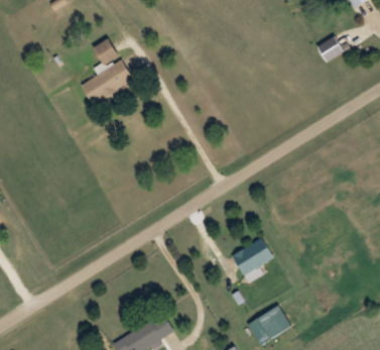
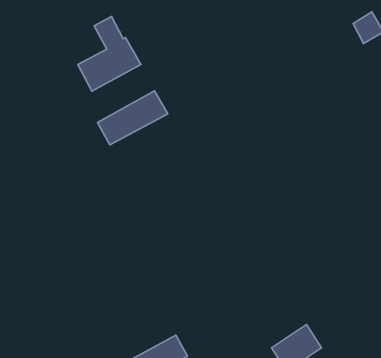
building: none -> [97,91,168,145]
building: [231,238,272,279] -> none

